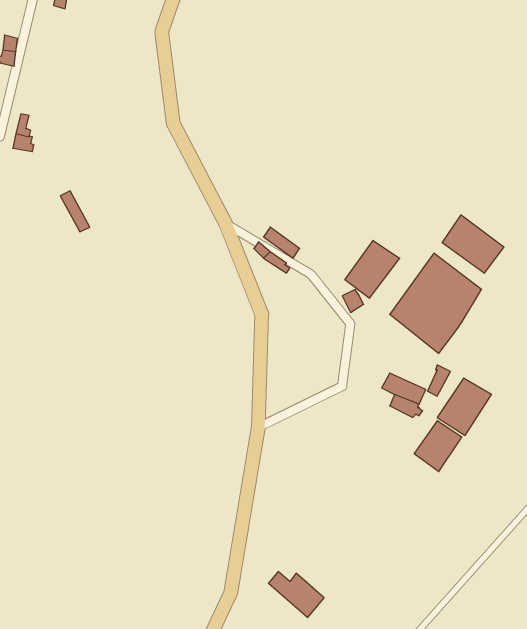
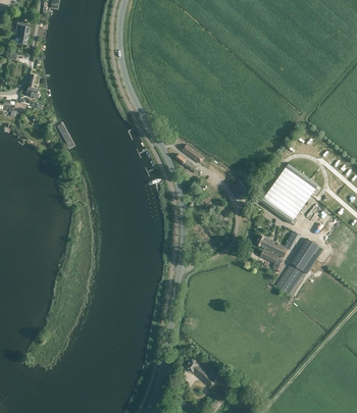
building: [442,215,504,273] -> none
building: [345,240,400,298] -> none

